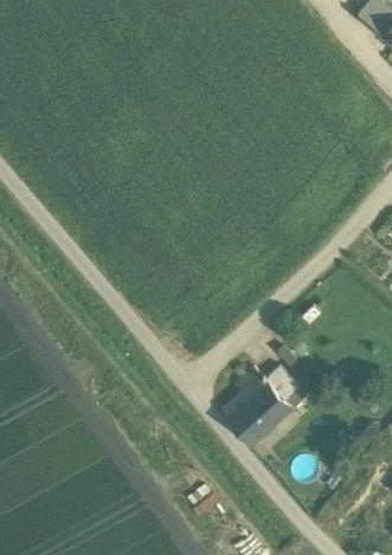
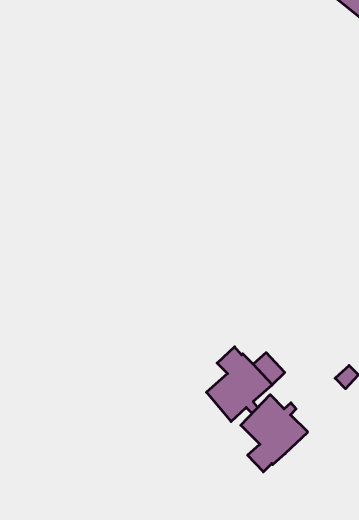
building: none -> [241,395,307,472]

